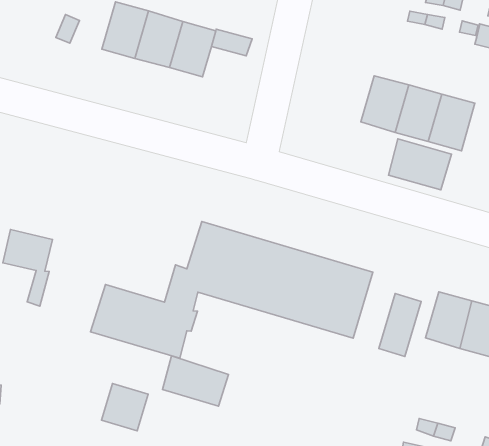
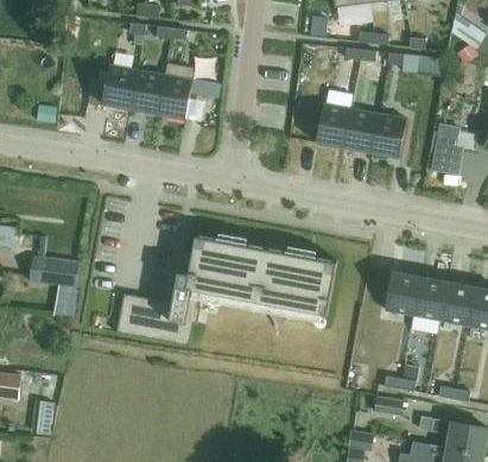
building: [388,139,451,190] -> none
building: [379,294,421,357] -> none
building: [162,356,229,406] -> none
building: [102,384,148,431] -> none

